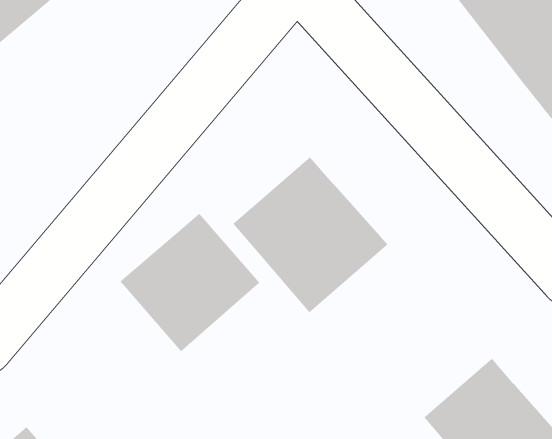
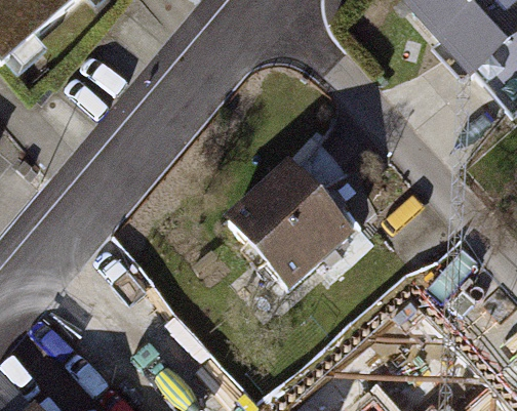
building: [120,213,260,352] -> none

